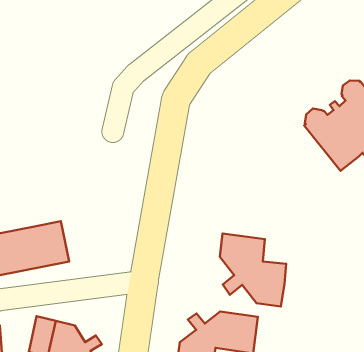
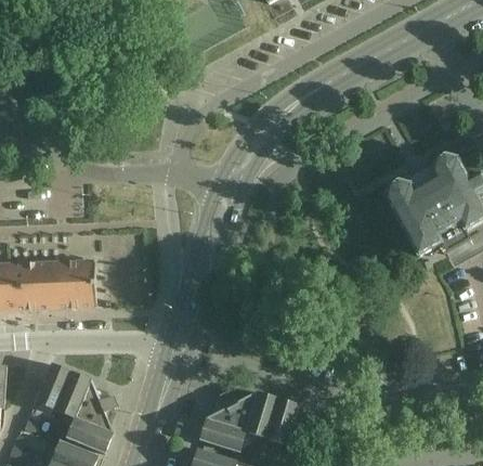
building: [220,234,286,306] -> none

